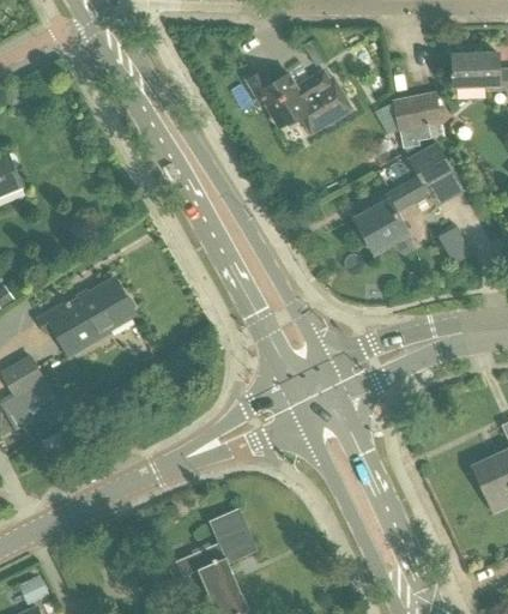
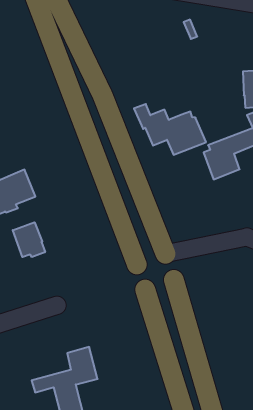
building: [246,70,351,133] -> [134,104,206,155]
building: none -> [13,222,45,257]

